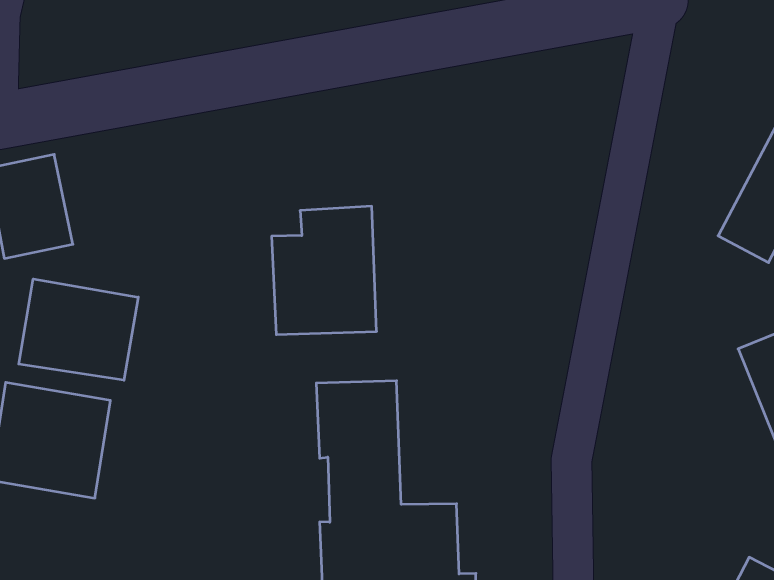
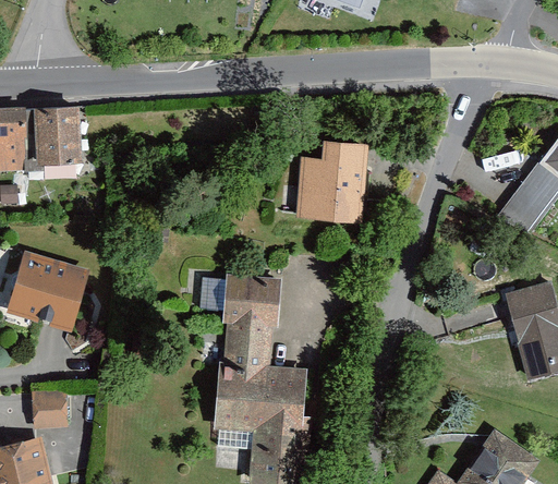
building: [272,206,377,335] -> [291,143,364,228]
building: [19,279,138,380] -> none

